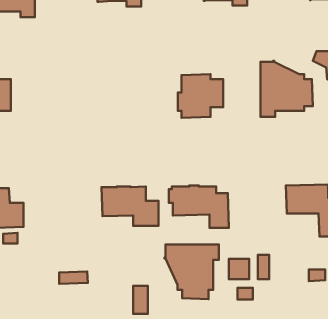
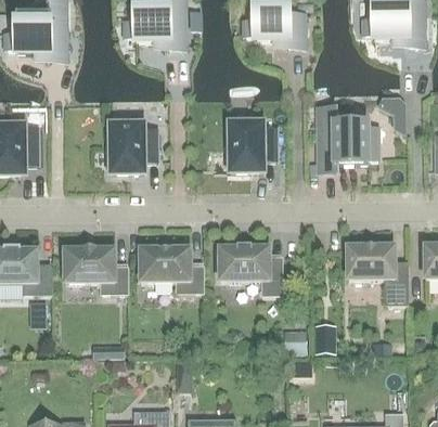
building: none -> [106,124,157,171]
building: none -> [65,248,128,293]
building: [165,245,219,299] -> none

